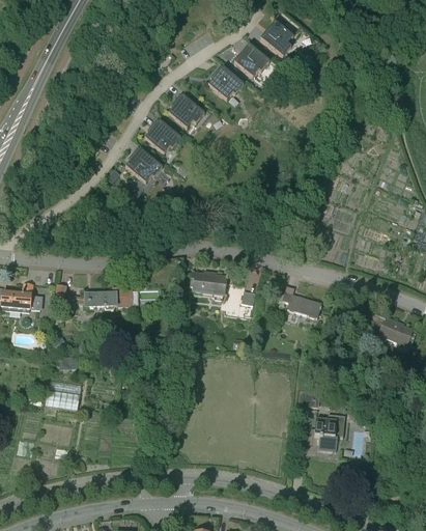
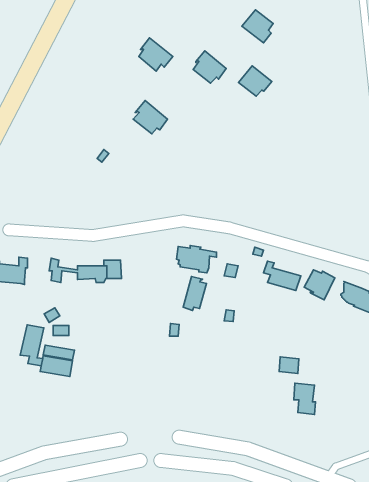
building: [234,44,269,76] -> [238,66,272,96]
building: [169,92,205,128] -> [139,38,173,71]
building: [126,146,163,183] -> none
building: none -> [304,270,335,300]
building: none -> [183,276,206,311]
building: none -> [20,325,44,366]

